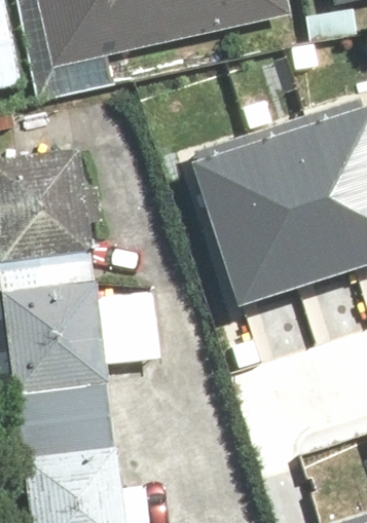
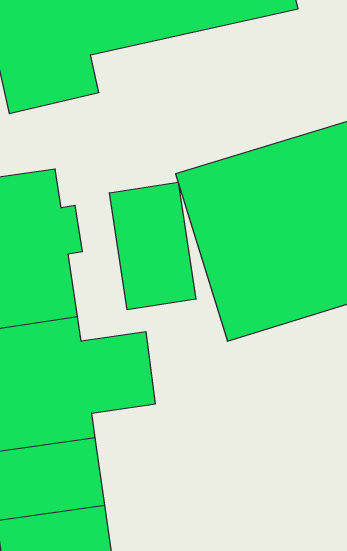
building: none -> [109,182,196,310]

